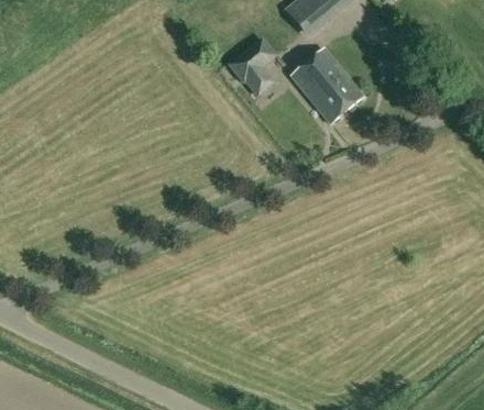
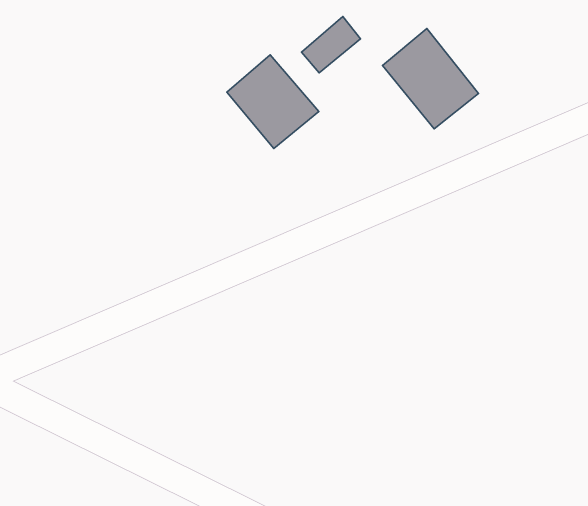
building: none -> [227,55,319,149]

